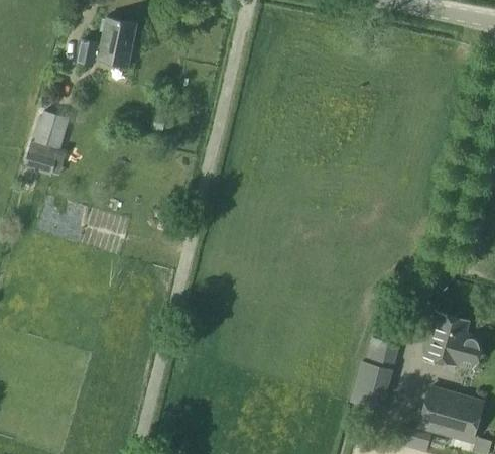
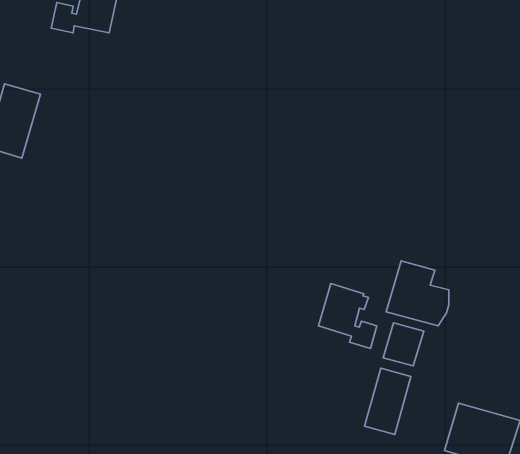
building: none -> [319,284,377,349]
building: [425,313,480,369] -> [386,261,449,326]

